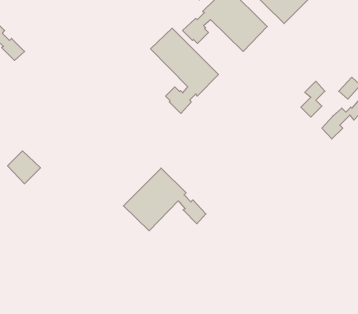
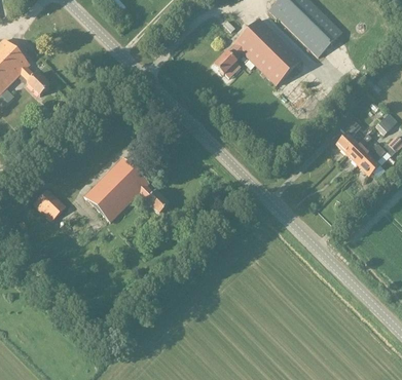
building: [151,28,218,113] -> none
building: none -> [346,128,376,164]
building: [123,168,206,231] -> [84,157,170,222]

